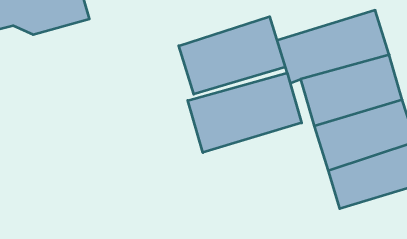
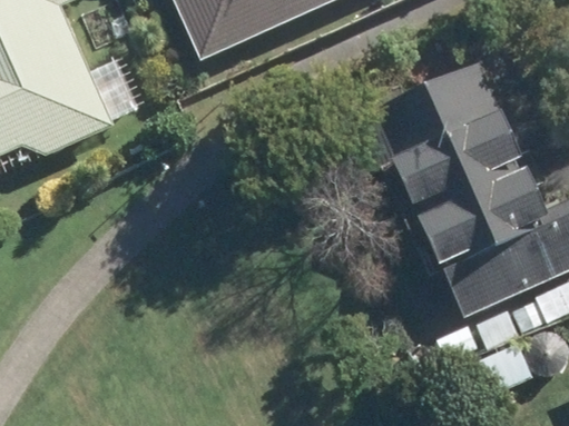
building: [179,17,285,94] -> none
building: [188,73,302,153] -> none

